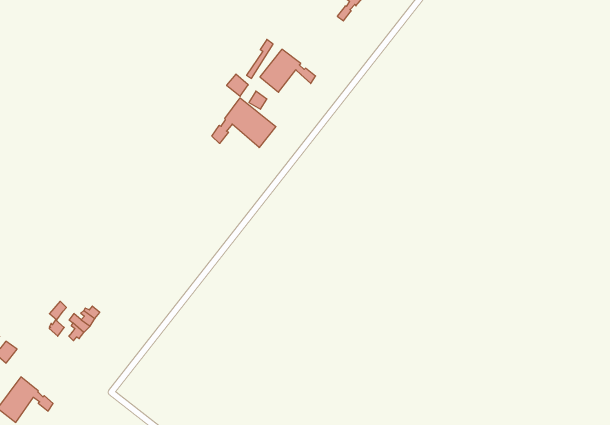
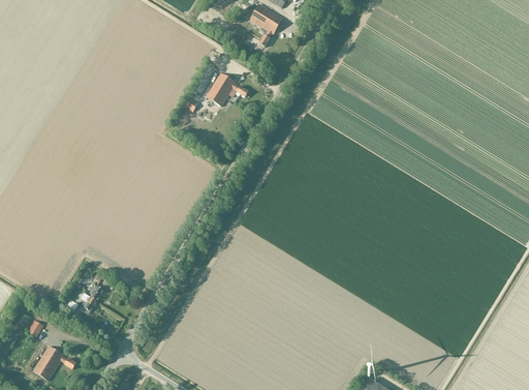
building: [212,98,276,148] -> none

